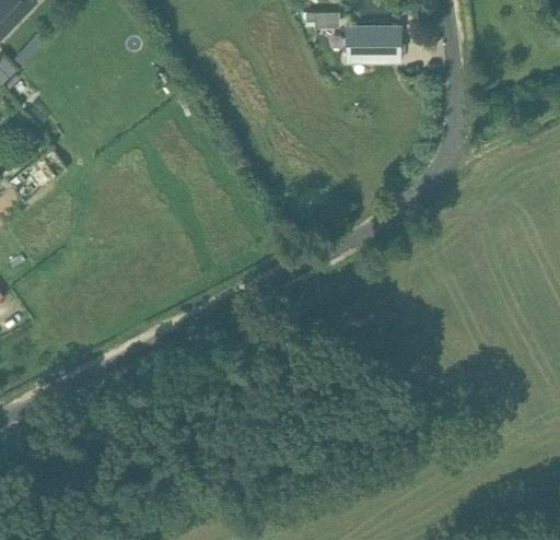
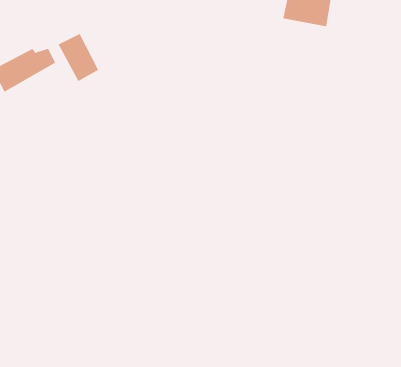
building: none -> [58,33,99,82]

